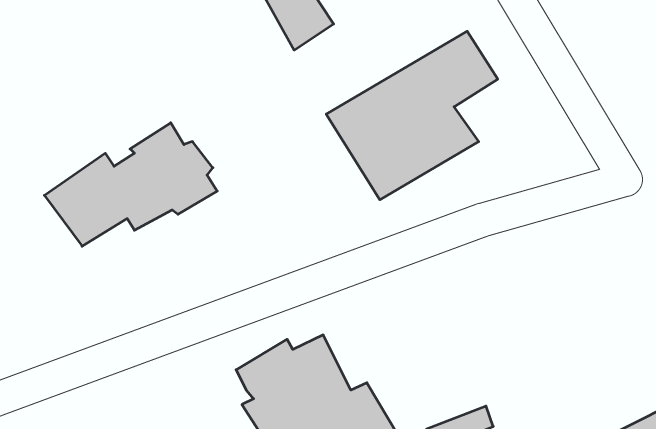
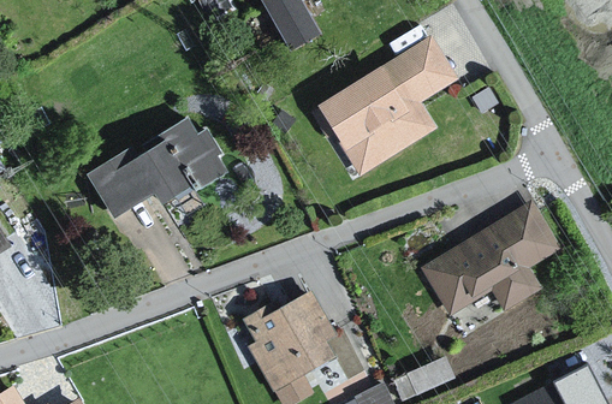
building: none -> [420,200,563,317]

